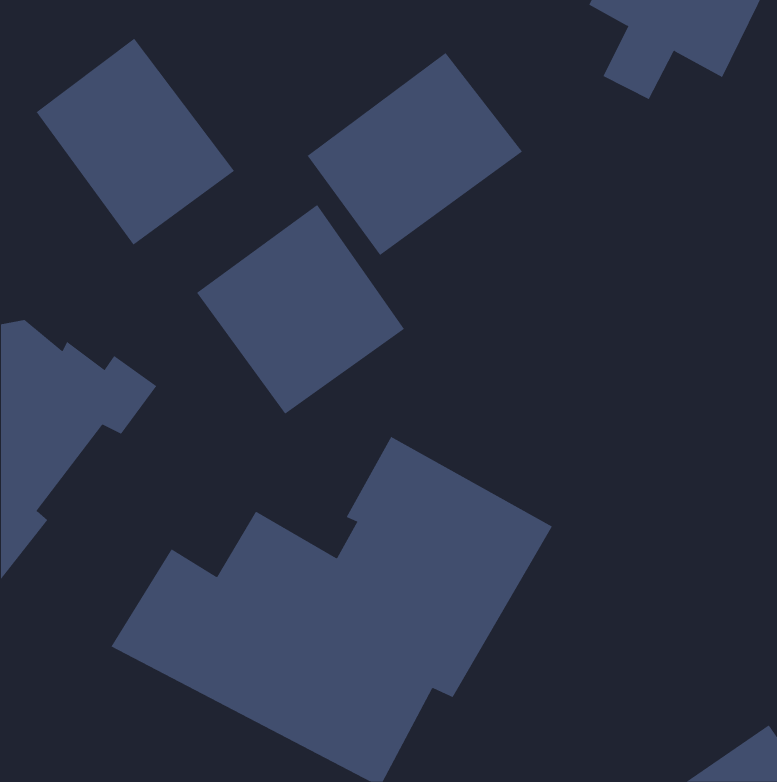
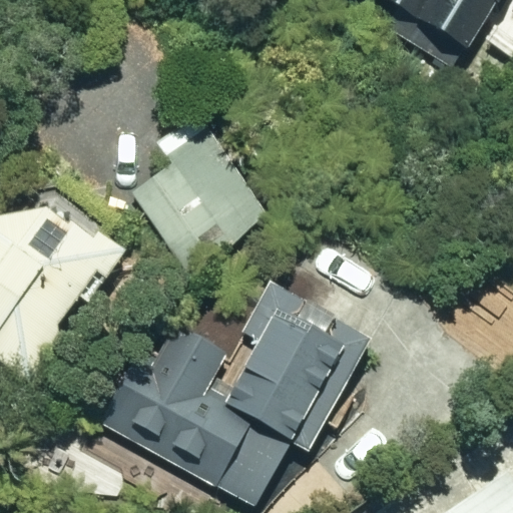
building: [36,38,235,245] -> none
building: [307,52,523,256] -> none

